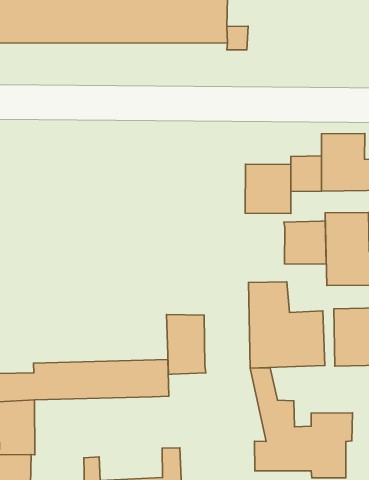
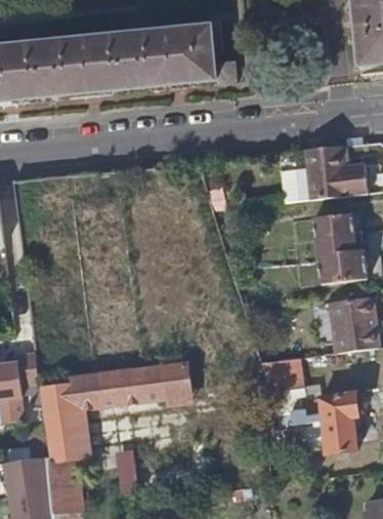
building: [245,164,291,213] -> none
building: [284,221,326,264] -> none
building: [249,282,325,368] -> none
building: [166,314,206,375] -> none

